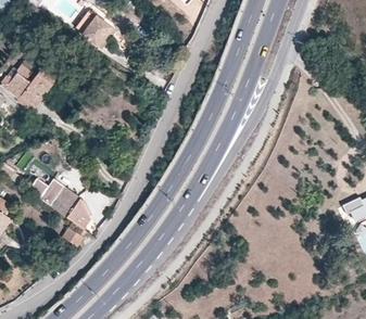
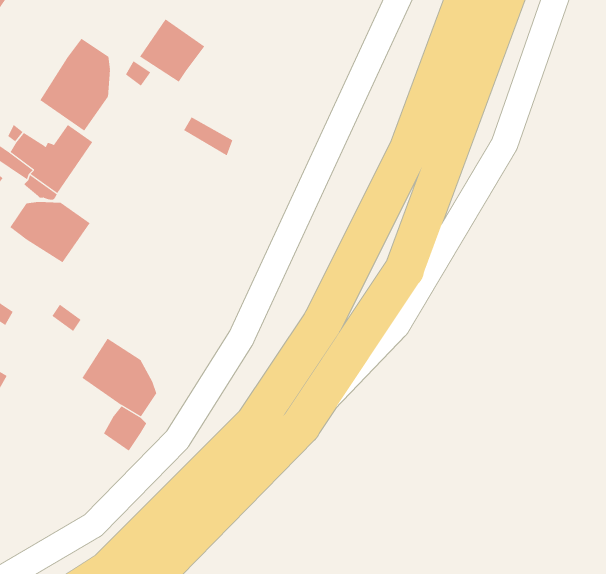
building: none -> [39,38,110,132]
building: none -> [10,201,91,263]

